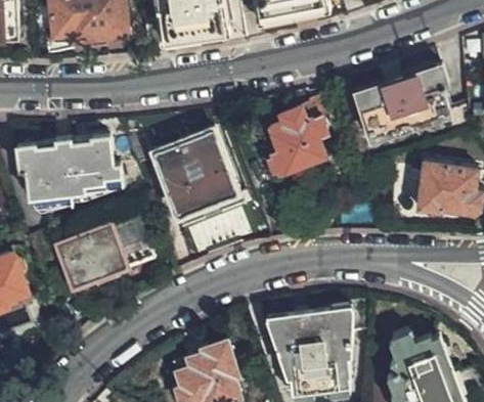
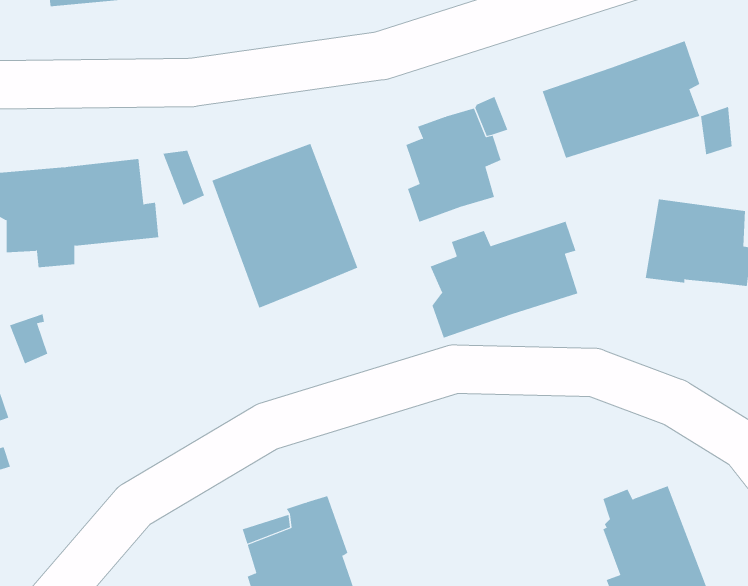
building: none -> [430,221,578,339]
building: [56,206,152,287] -> none
building: [264,308,352,391] -> none

